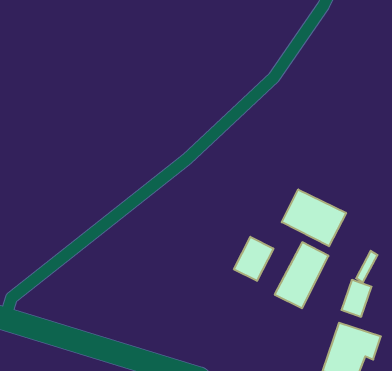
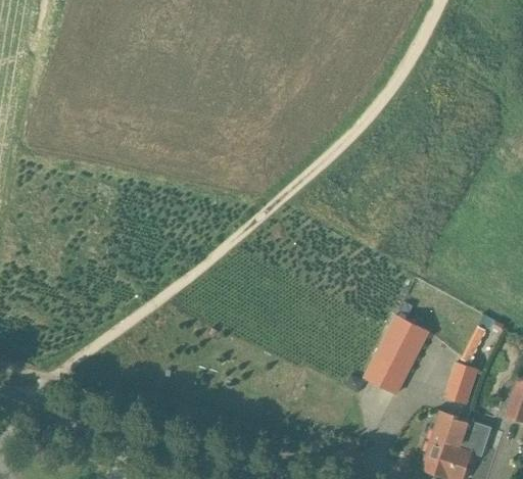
building: [282,189,346,246] -> none
building: [234,237,273,281] -> none

